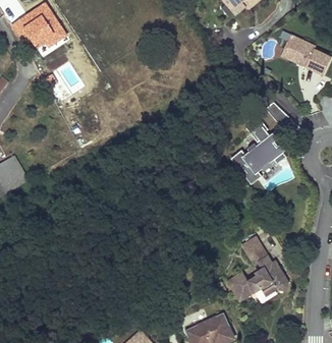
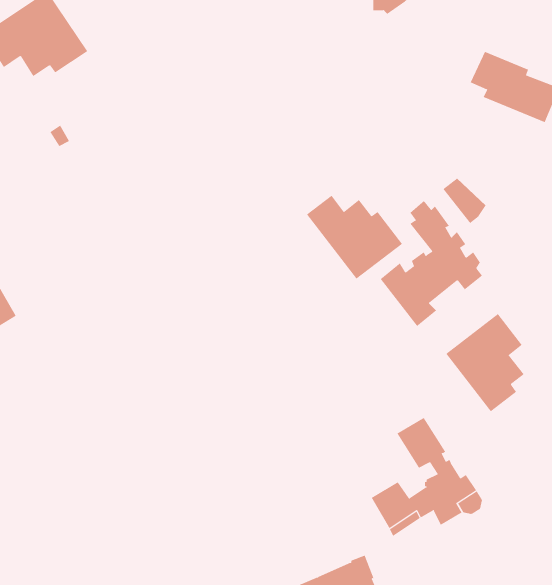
building: none -> [306,195,403,280]
building: none -> [446,313,525,412]

